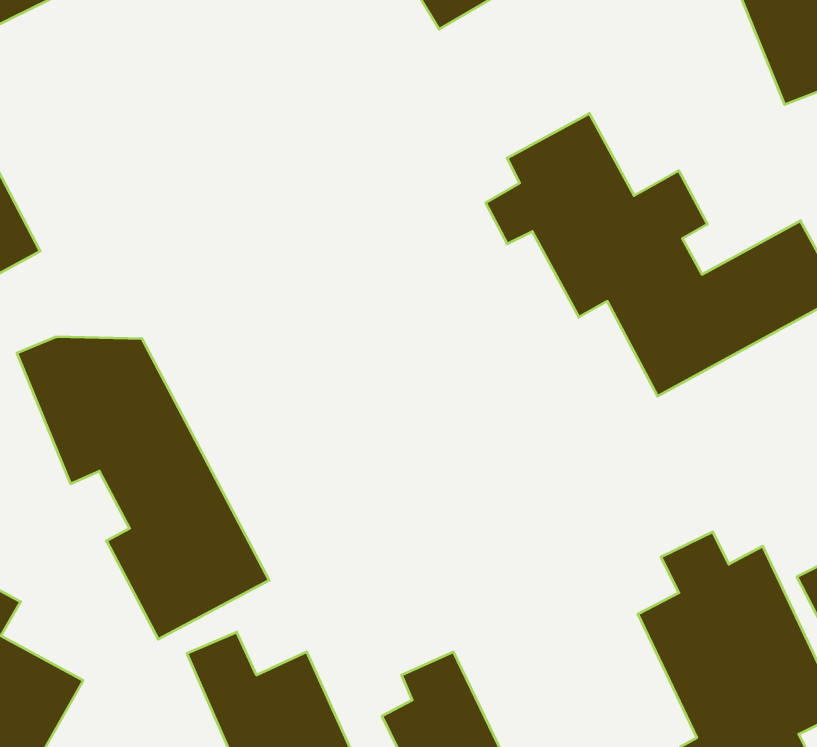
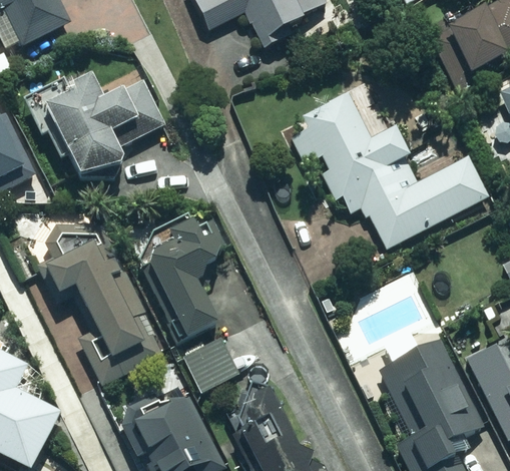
building: none -> [22,76,167,184]
building: none -> [141,210,233,341]
building: none -> [180,334,236,391]

